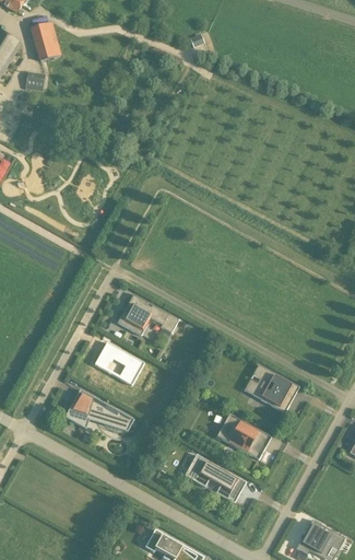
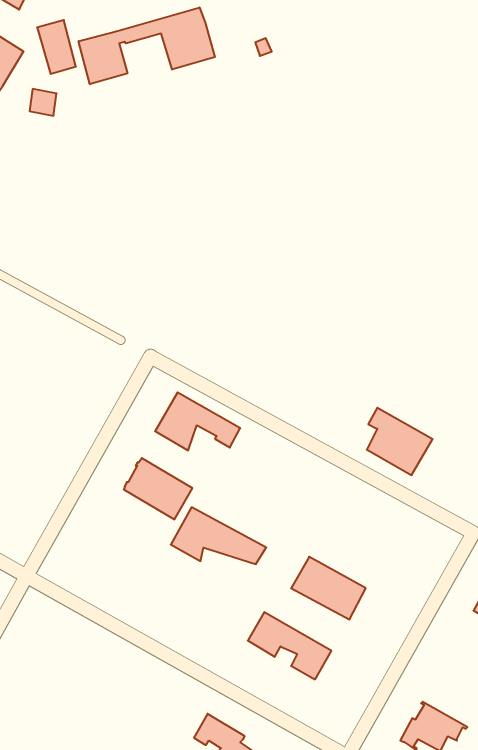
building: none -> [79,7,215,84]
building: [251,363,299,412] -> [367,408,433,475]
building: [64,389,134,431] -> [171,507,266,564]

